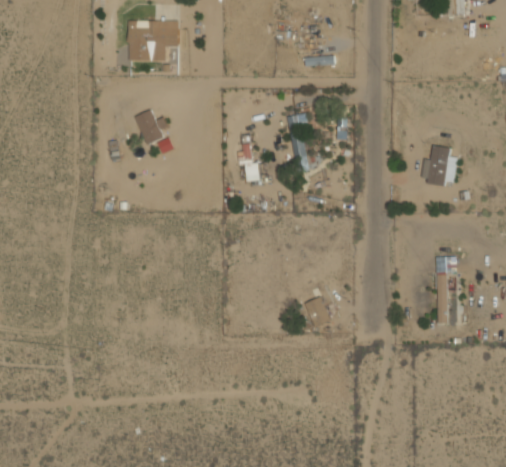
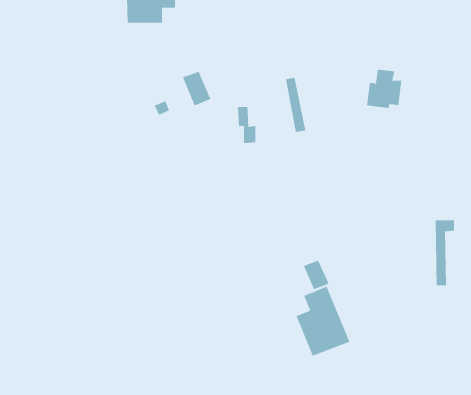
building: [135,110,164,145] -> [182,71,211,106]
building: [422,146,458,185] -> [366,69,402,108]
building: none -> [296,286,350,356]

